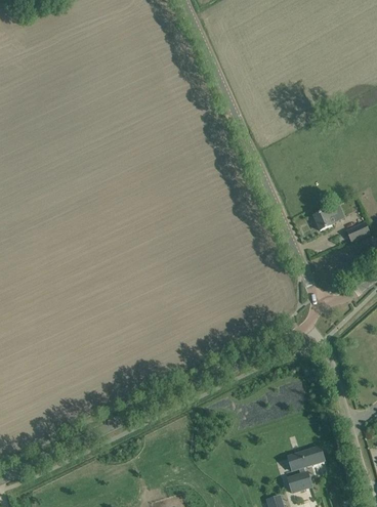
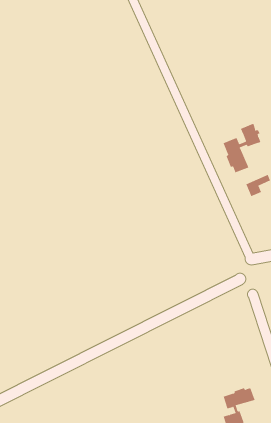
building: none -> [223,123,261,173]

